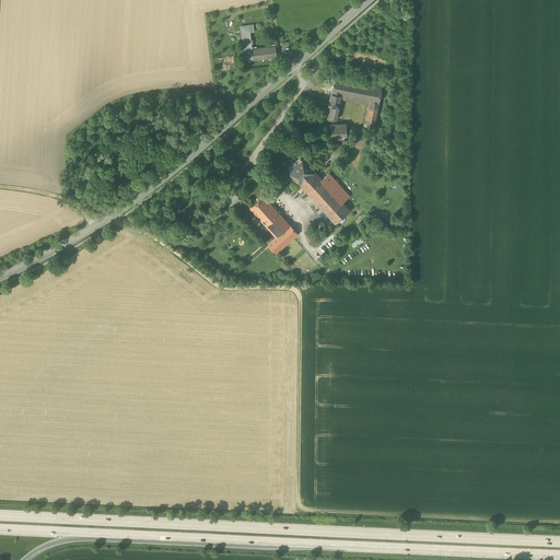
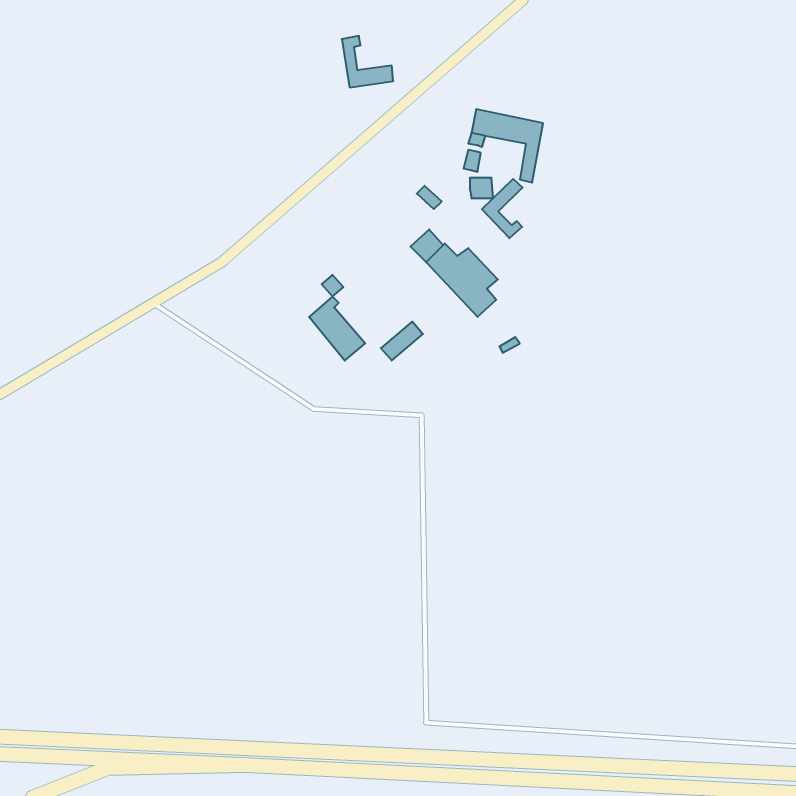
building: none -> [482,179,523,238]
building: [249,194,289,238] -> [309,297,365,361]

